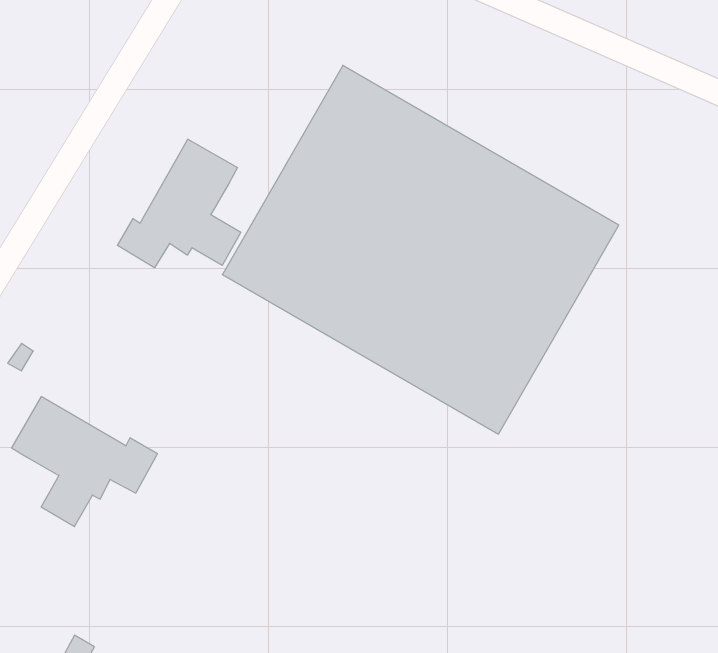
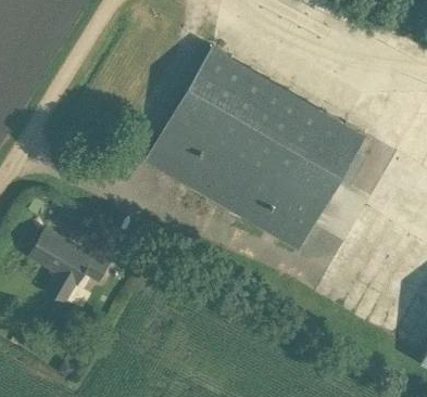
building: [117,139,241,268] -> none

